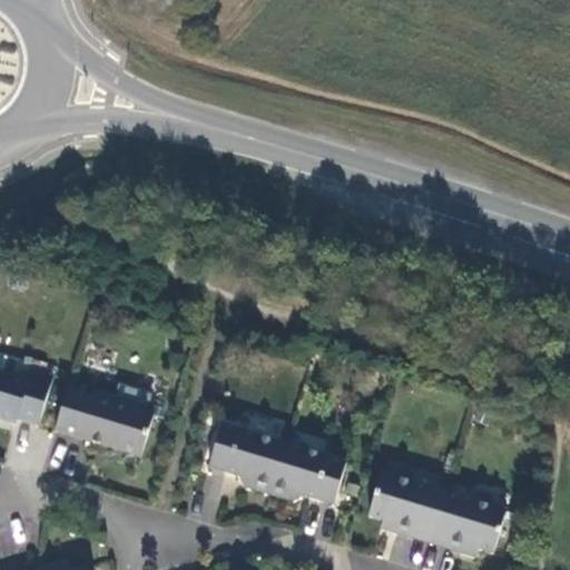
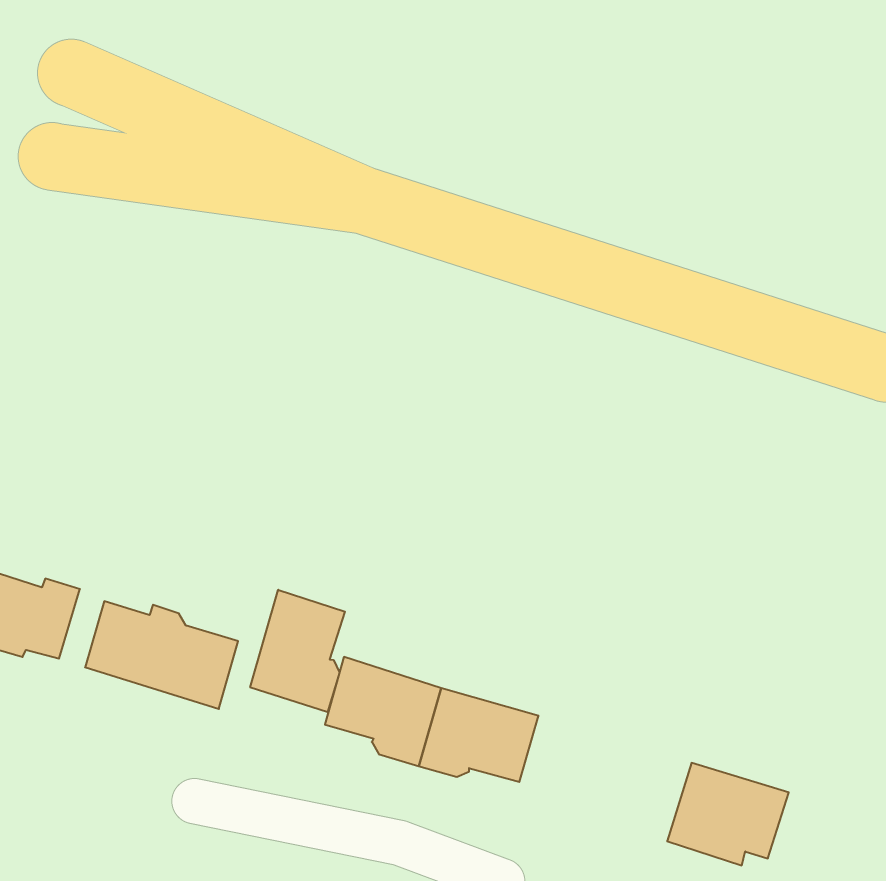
building: none -> [250,590,345,712]
building: [367,470,443,539] -> none

